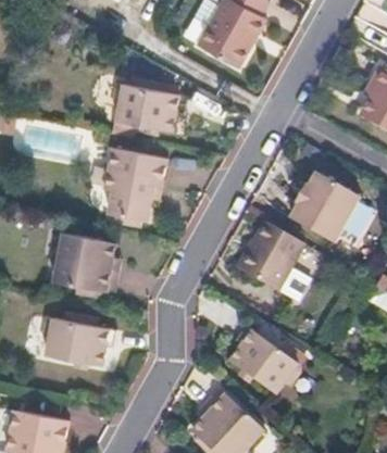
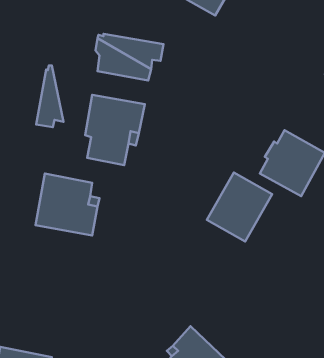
building: none -> [36,66,63,127]
building: [41,315,115,363] -> none
building: [228,325,300,392] -> none

